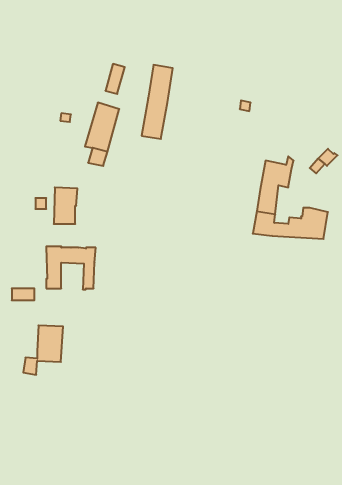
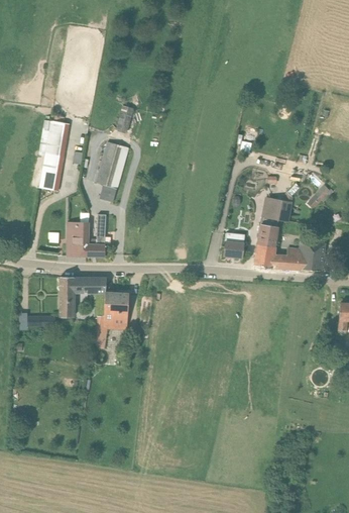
building: [142,65,173,139] -> [39,120,69,190]
building: none -> [87,214,106,256]
building: none -> [223,232,244,256]
building: [23,325,63,375] -> [91,292,128,338]

